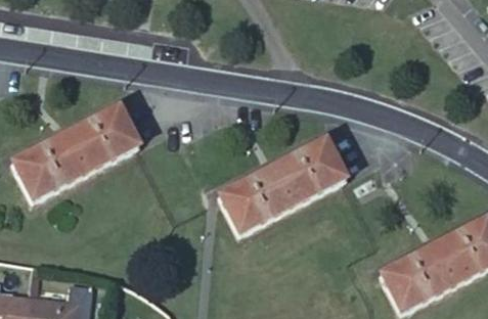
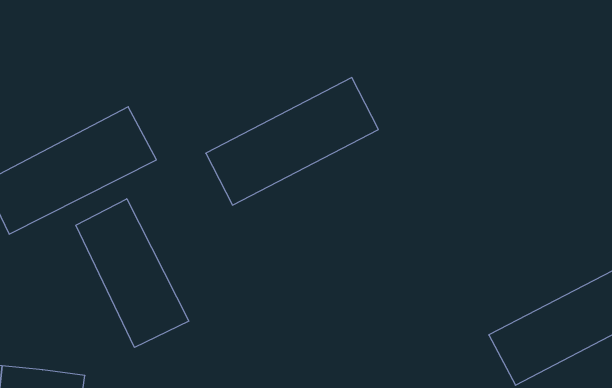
building: [222,136,348,229] -> [206,78,378,205]
building: none -> [76,199,189,347]

